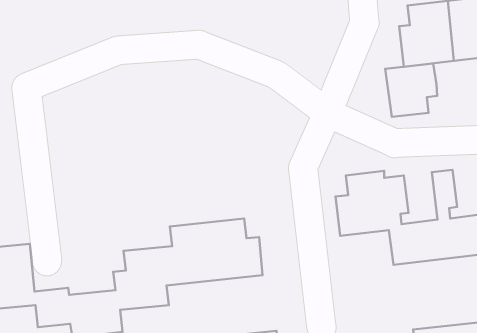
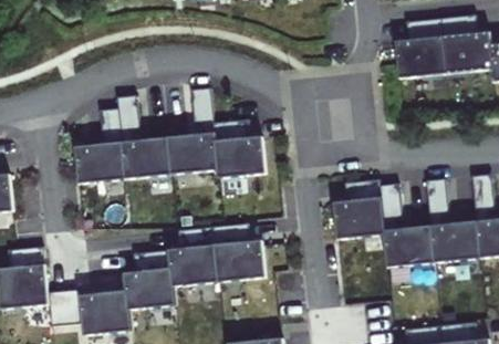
building: [385,63,437,117] -> none
building: none -> [74,87,266,185]

